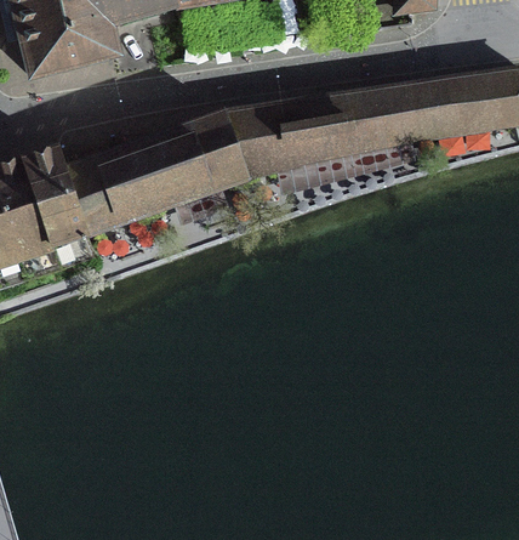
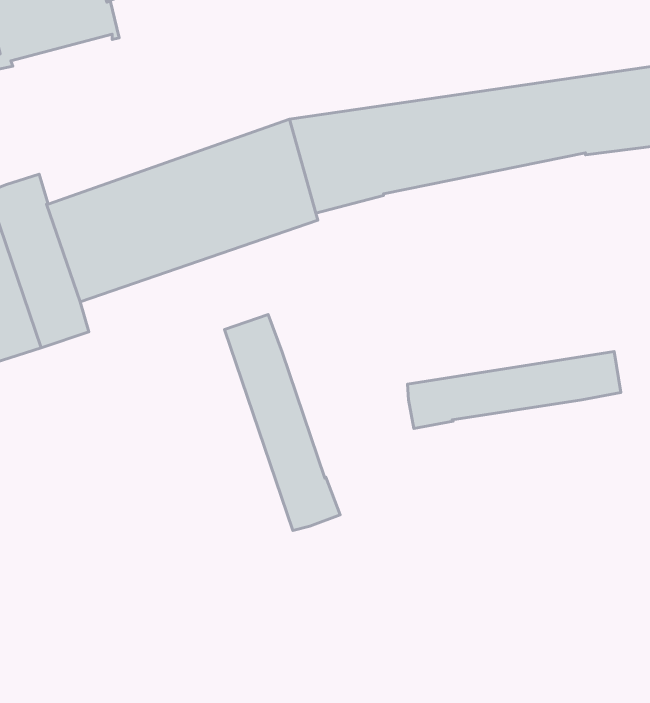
building: none -> [224,314,340,531]
building: none -> [407,352,621,429]

